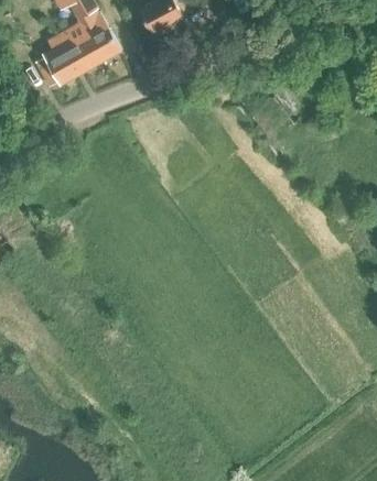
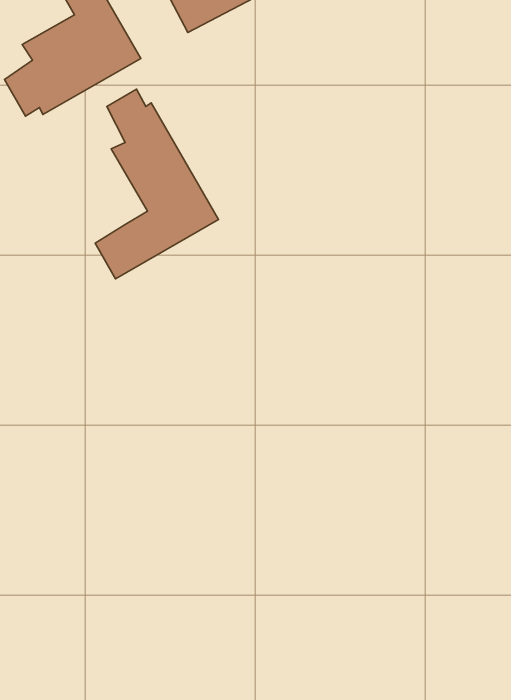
building: none -> [95,89,219,279]

